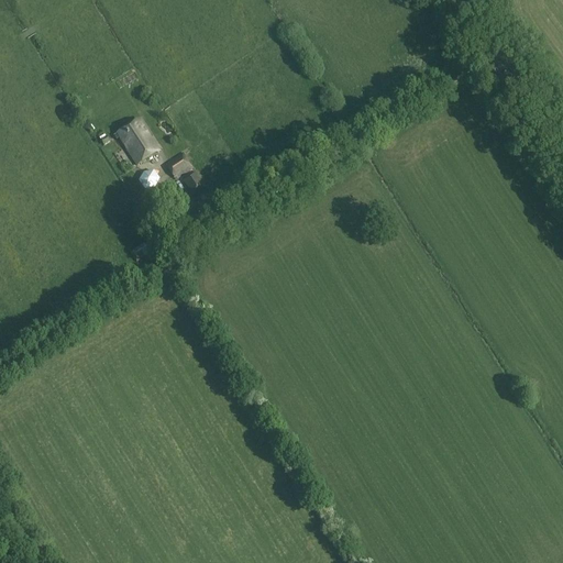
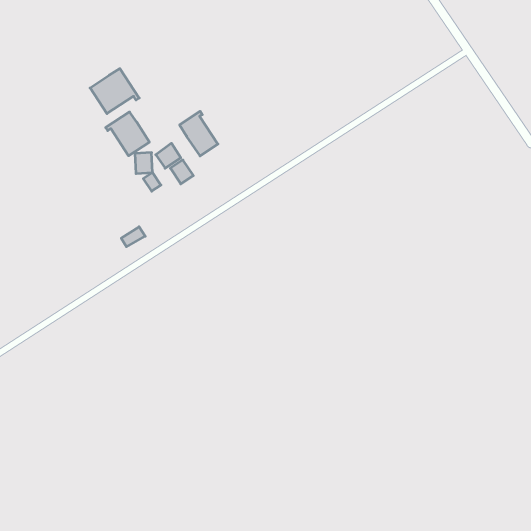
building: none -> [90,69,139,114]
building: none -> [180,111,218,156]

